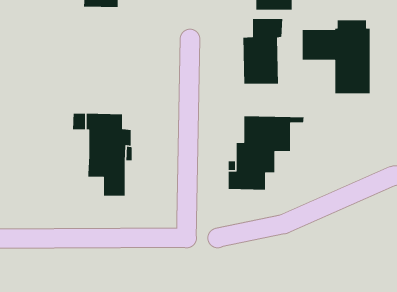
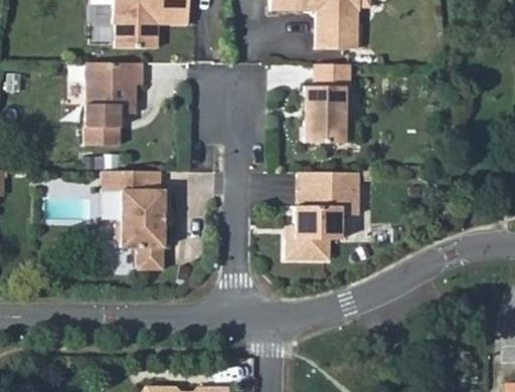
building: [302,20,370,94] -> none
building: none -> [83,62,143,144]

